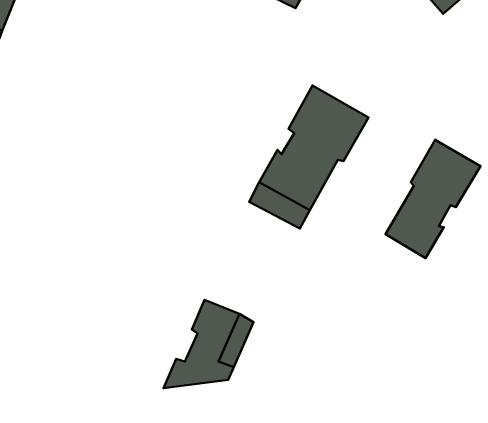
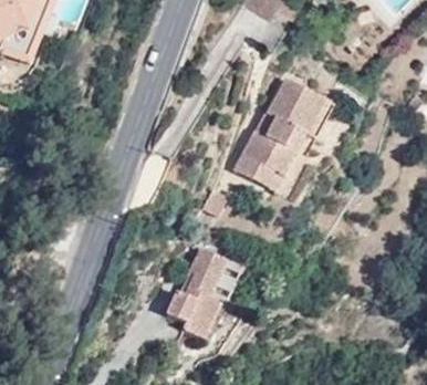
building: [385,140,481,258] -> none

